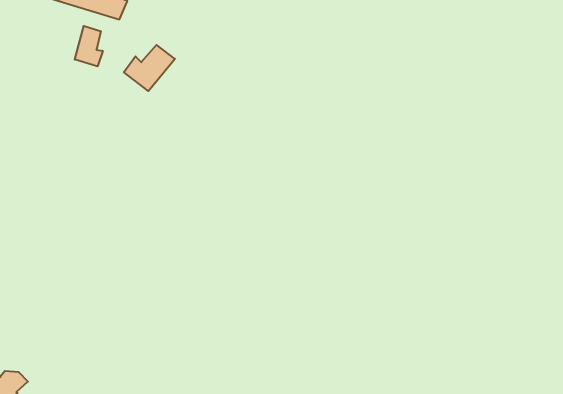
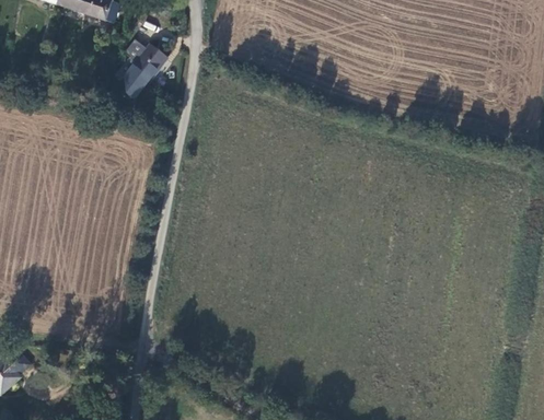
building: [75,26,103,66] -> none

